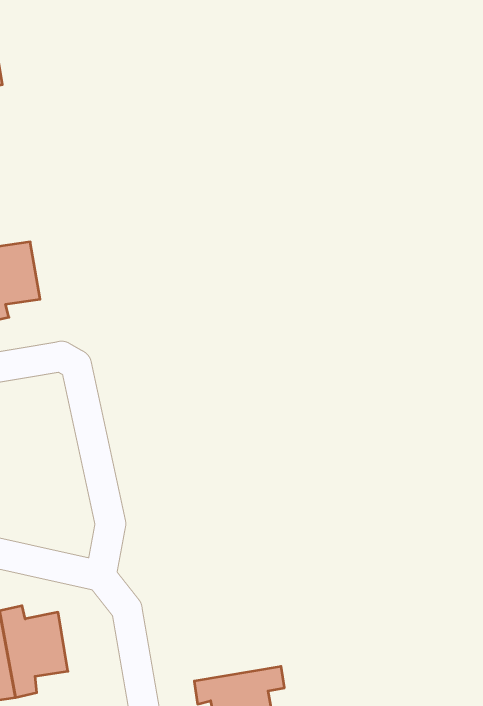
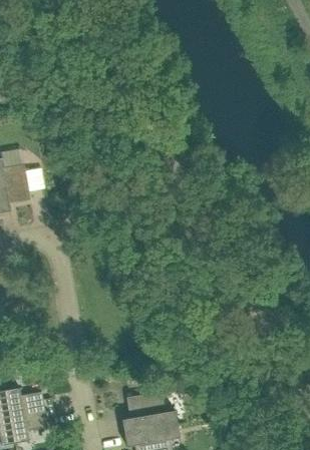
building: none -> [121,391,178,433]

